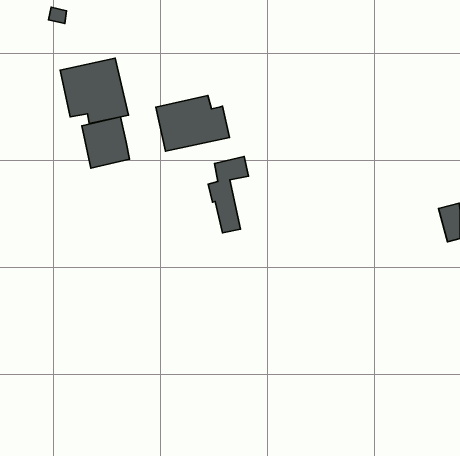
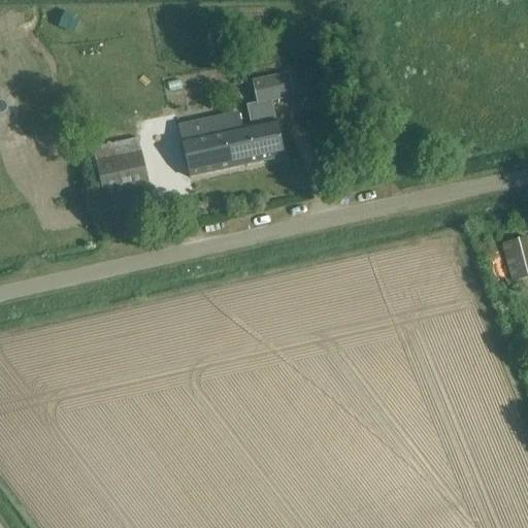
building: [60,58,128,124] -> none
building: [208,156,249,233] -> [246,70,293,158]

